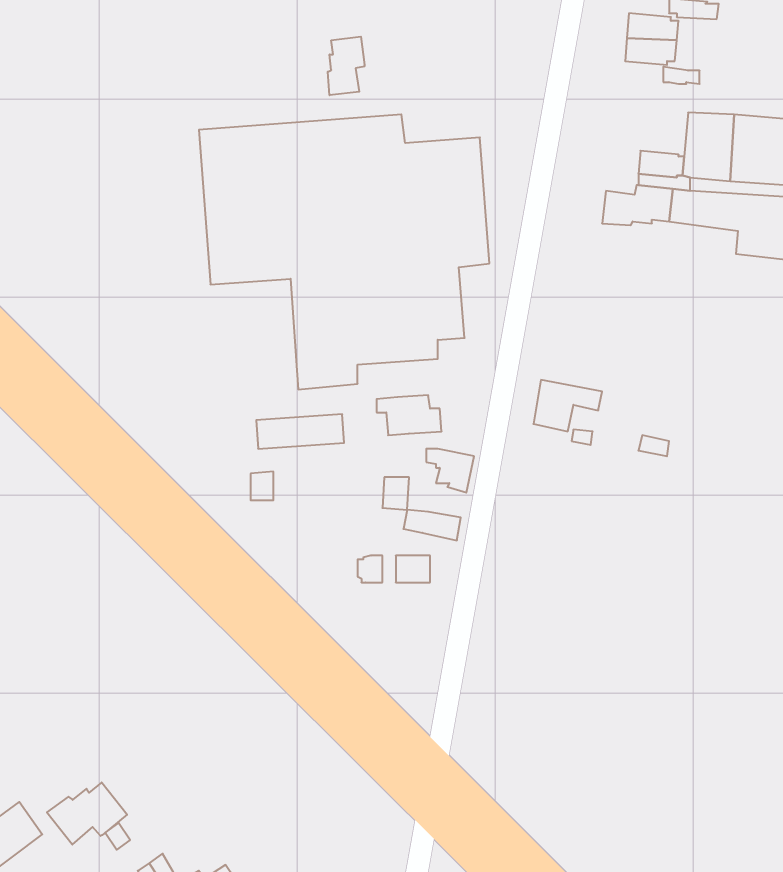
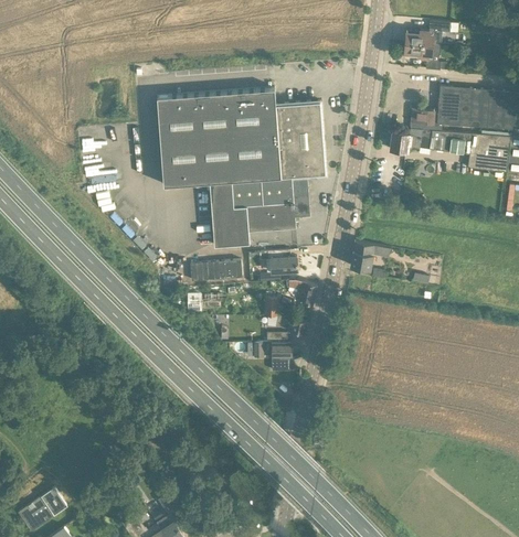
building: [328,37,364,95] -> none
building: [47,782,127,845] -> none

